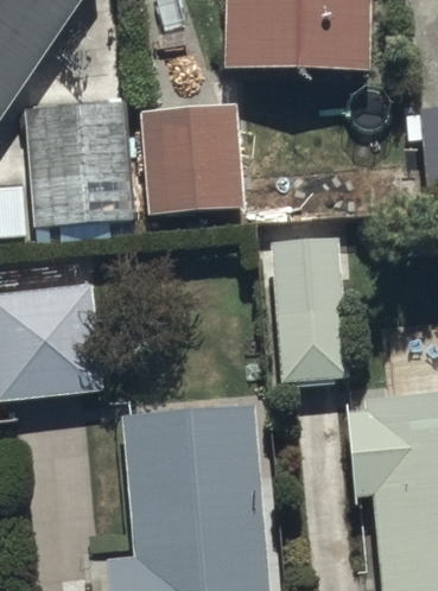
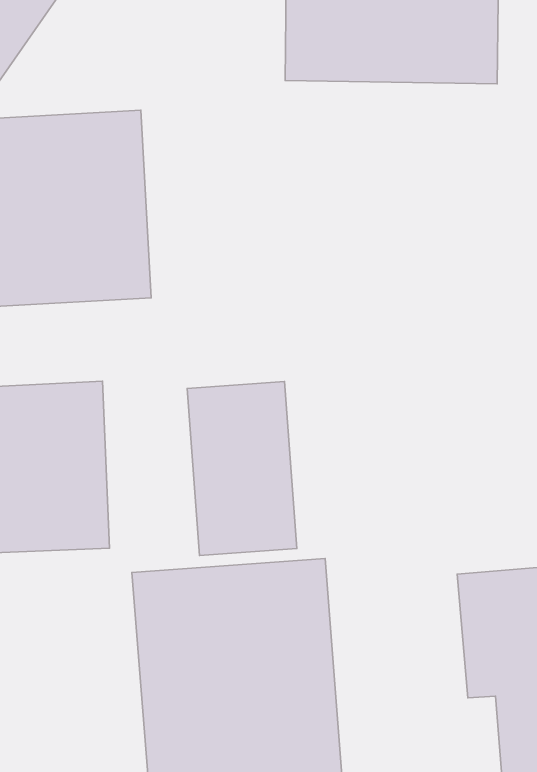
building: [141,100,245,216] -> none
building: [272,261,347,380] -> [187,382,297,555]

